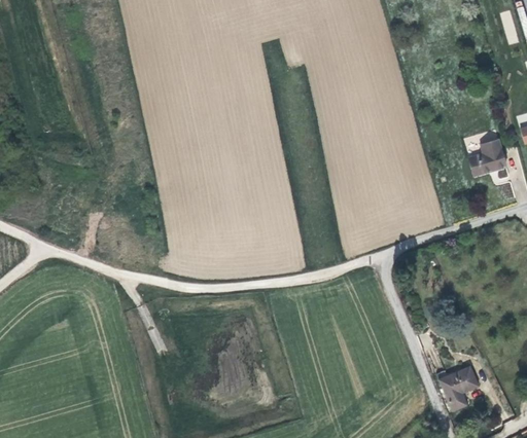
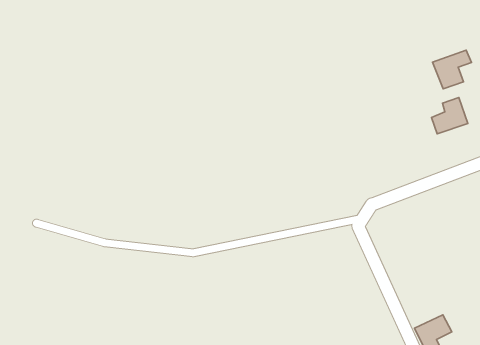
building: none -> [433,50,472,89]

